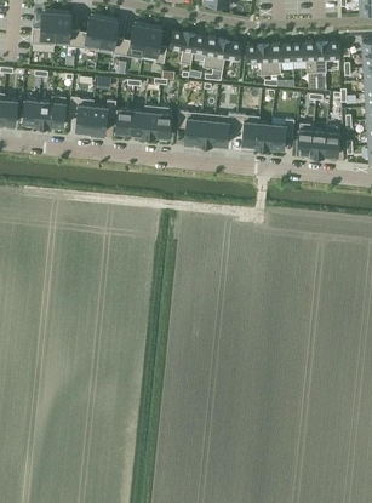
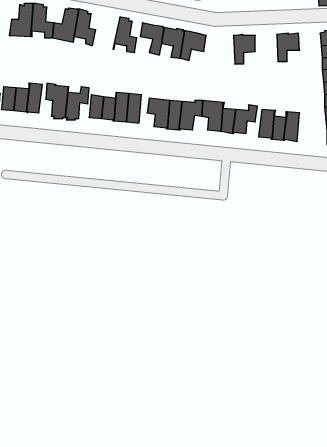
building: [119,24,148,61] -> none
building: [292,44,316,75] -> none
building: [246,46,270,76] -> none

